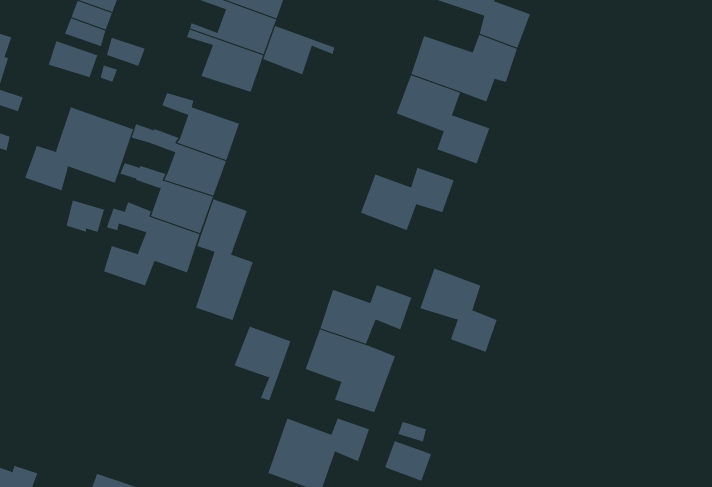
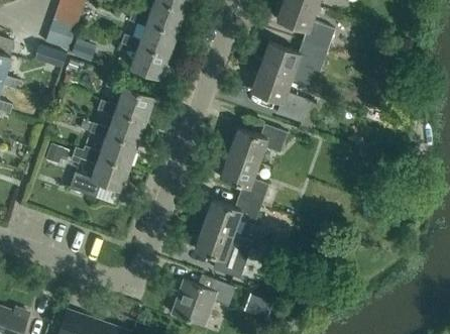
building: [263,25,335,75] -> none
building: [25,106,134,191] -> none
building: [195,199,254,321] -> none
building: [419,268,497,352] -> [220,151,268,204]
building: [234,326,291,401] -> none

